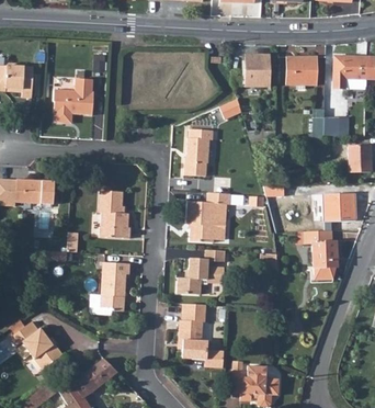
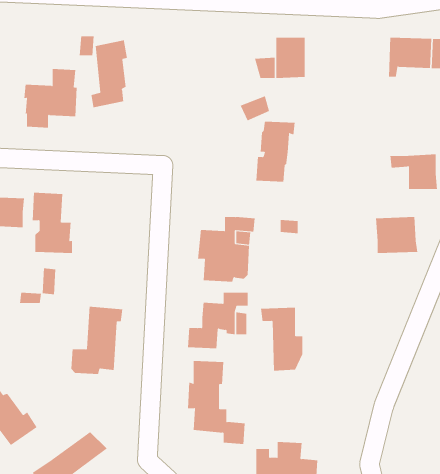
building: [287,56,318,84] -> none
building: none -> [91,39,127,108]
building: [315,114,348,138] -> none
building: [184,129,215,177] -> [256,121,295,182]
building: [99,191,130,238] -> [32,192,73,253]
building: [304,230,337,280] -> [260,307,303,371]

